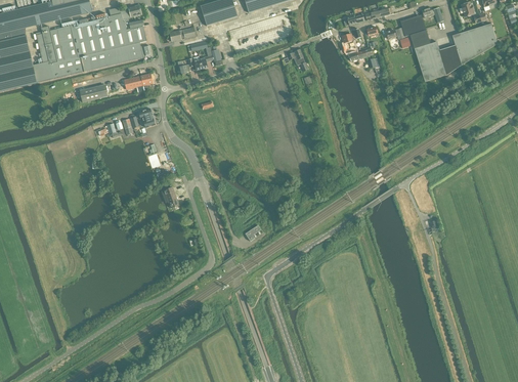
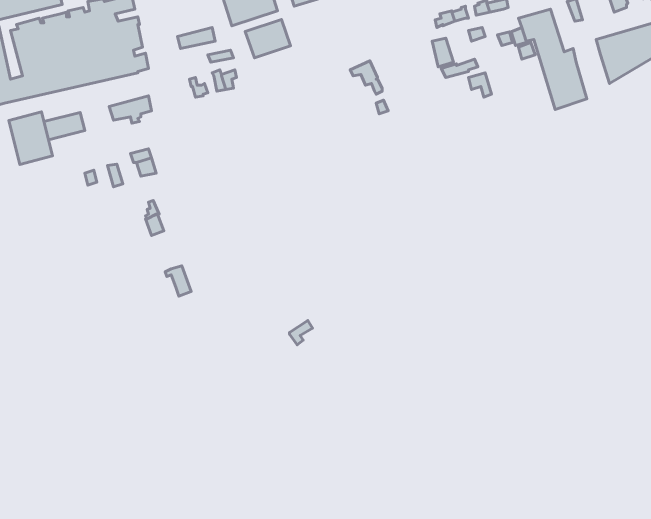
building: none -> [245,19,291,58]
building: [438,45,461,75] -> none
building: none -> [9,112,52,164]

